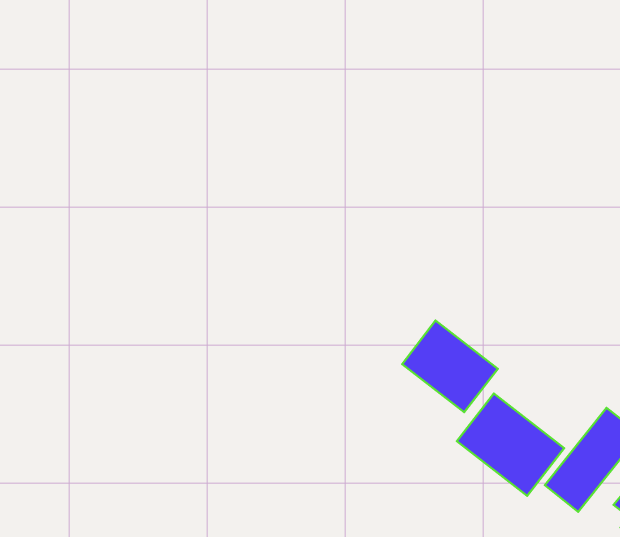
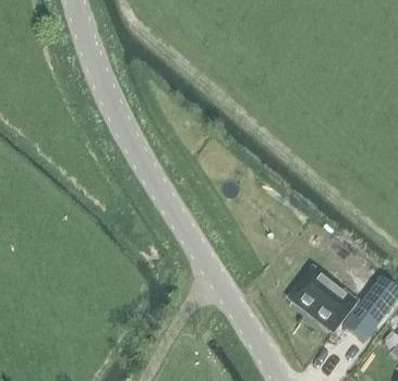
building: [402,321,498,412] -> none

